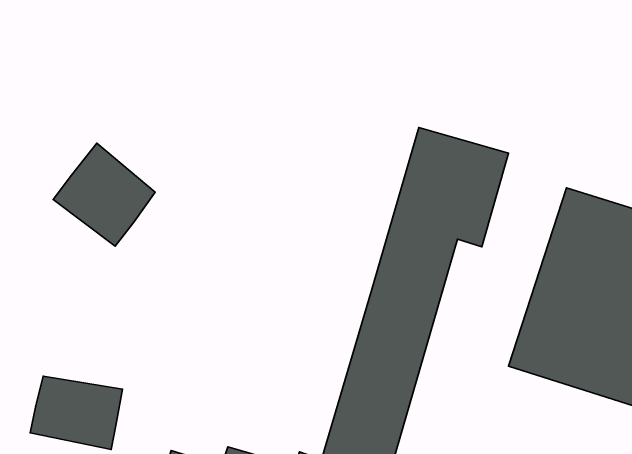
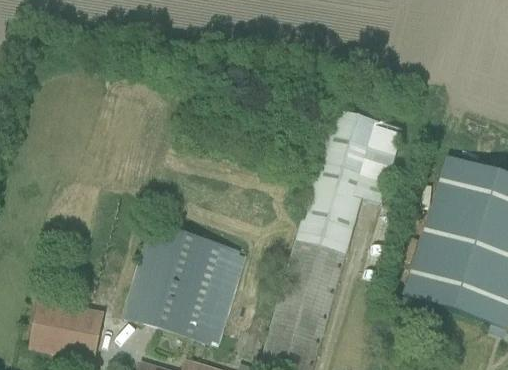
building: [53,143,155,246] -> none
building: none -> [123,220,247,346]

